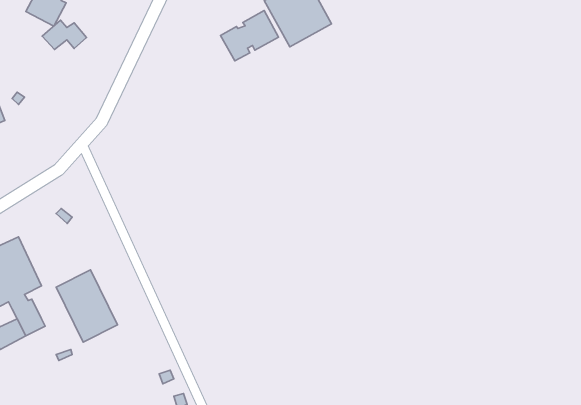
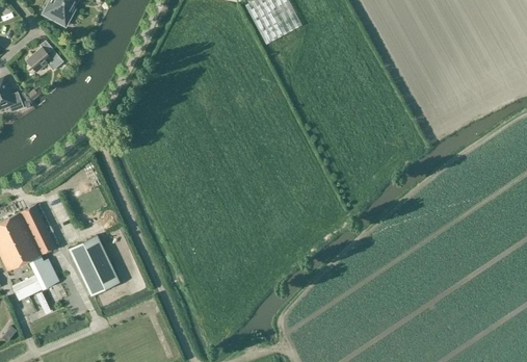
building: [220,11,279,61] -> none
building: [42,20,86,50] -> [26,47,63,72]

